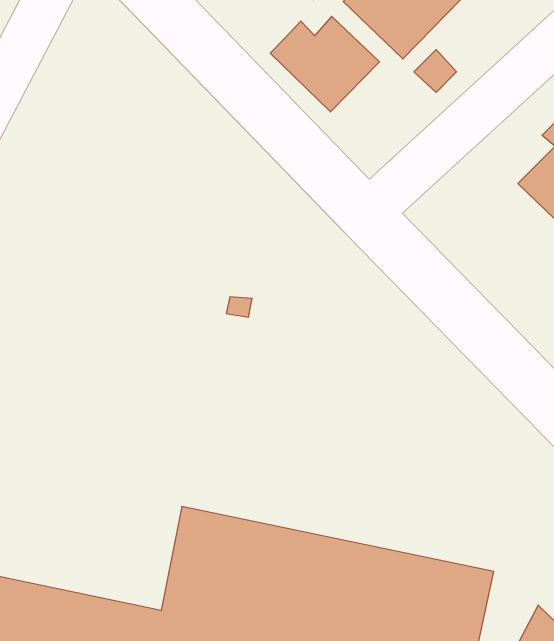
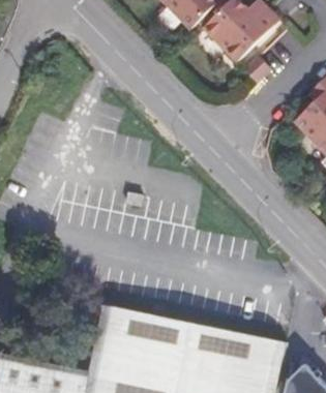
building: [270,16,380,112] -> none

